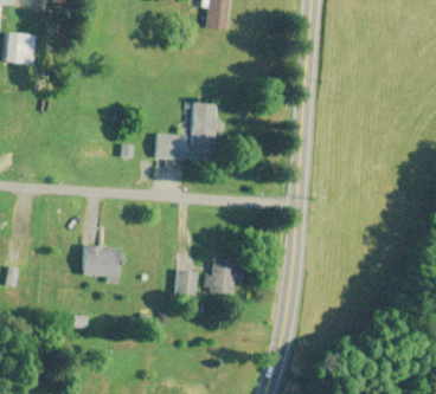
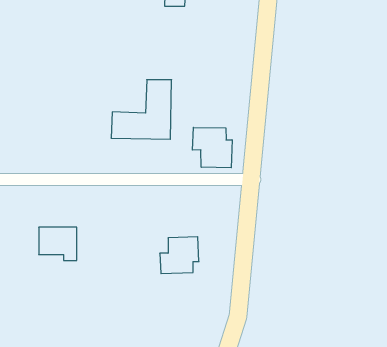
building: none -> [192,127,232,168]
building: [178,270,198,295] -> none

